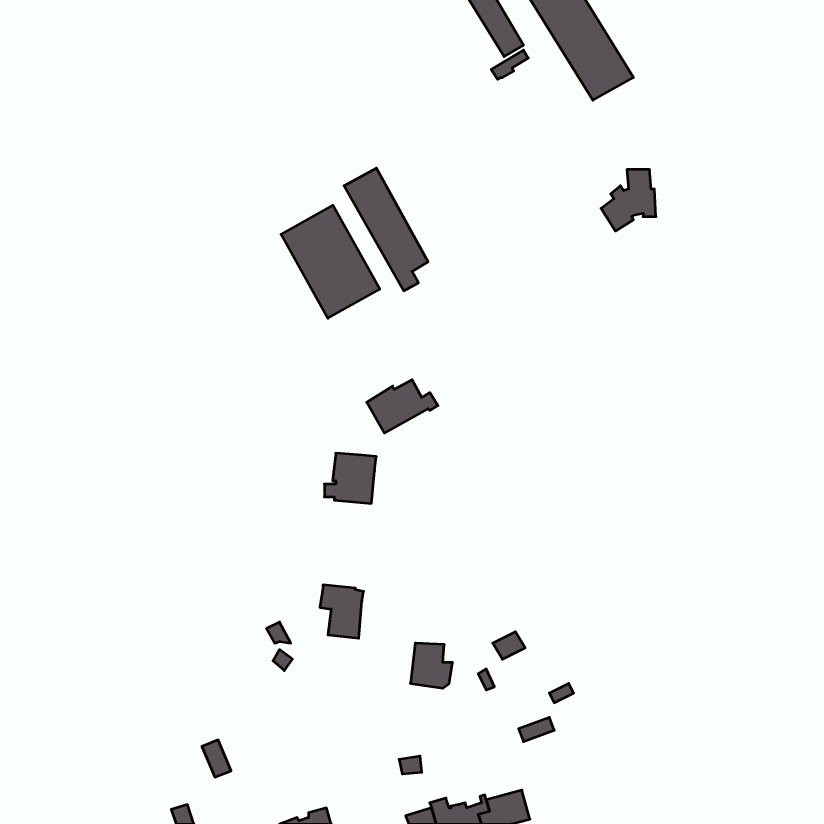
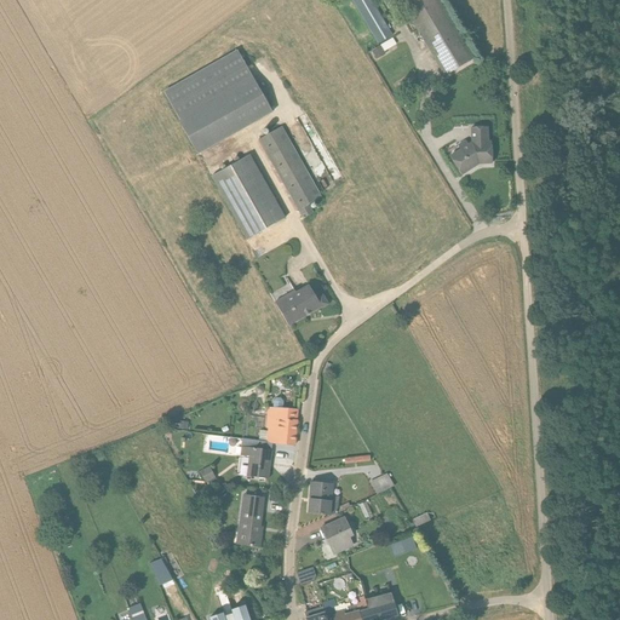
building: none -> [165,50,274,154]
building: [324,453,376,503] -> [260,407,299,444]
building: none -> [236,494,264,547]
building: none -> [320,516,355,556]

